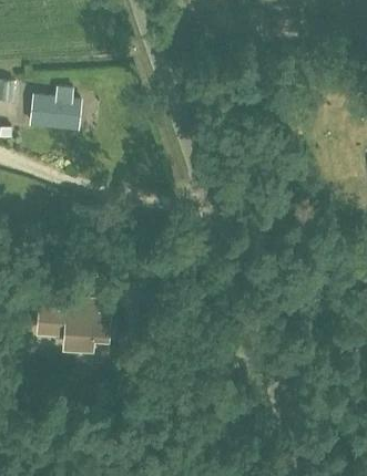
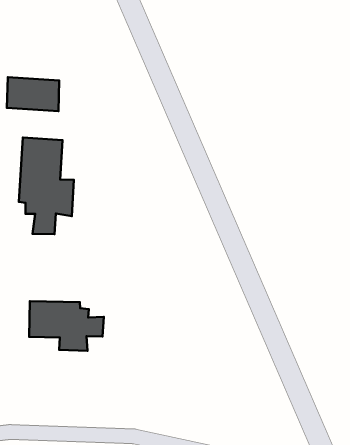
building: none -> [19,138,74,234]

